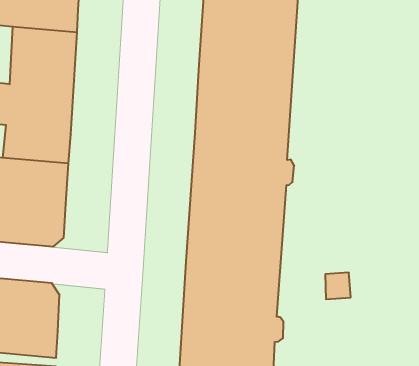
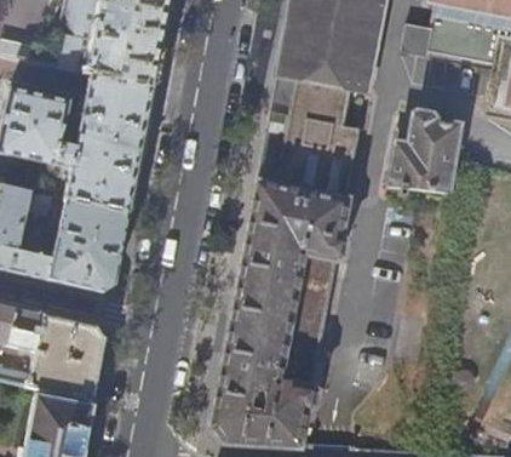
building: none -> [389,112,459,192]

